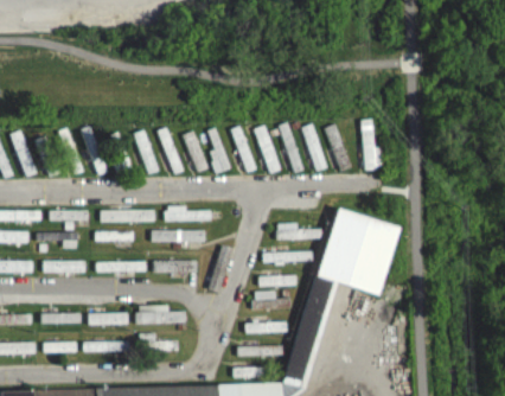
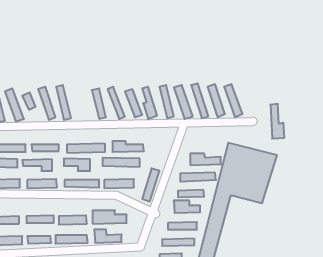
building: [362,120,382,170] -> [270,104,284,139]

